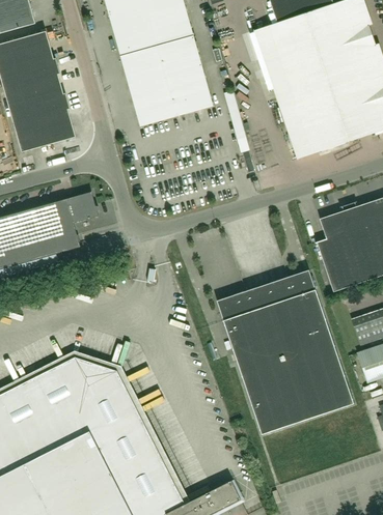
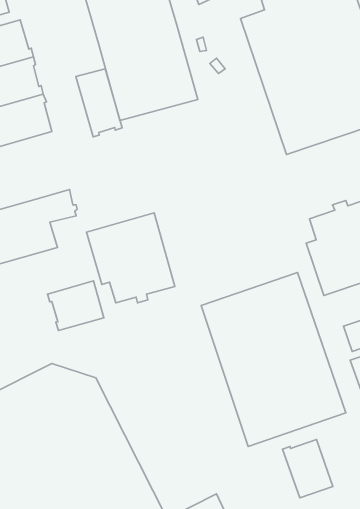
building: none -> [76,69,122,137]
building: none -> [87,213,175,303]
building: none -> [48,281,104,331]
building: none -> [283,440,333,498]

